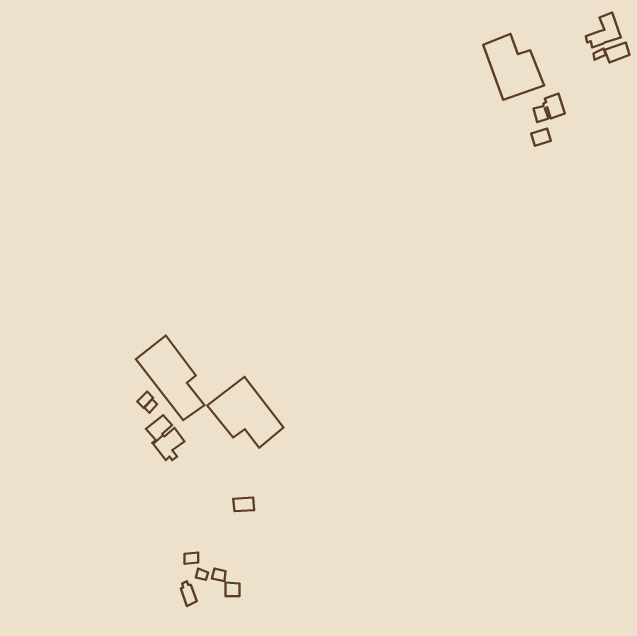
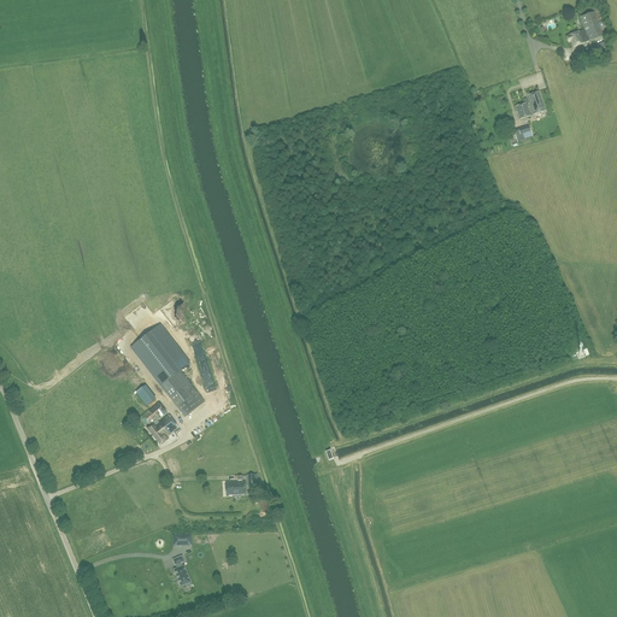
building: [483,34,544,100] -> none
building: [207,377,284,448] -> none

